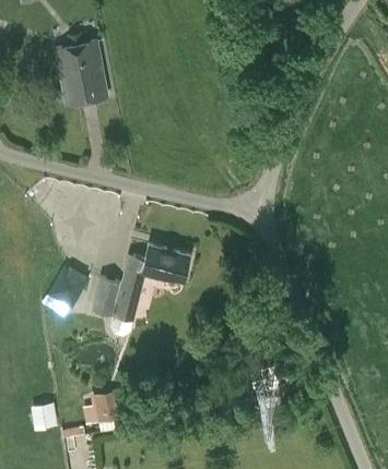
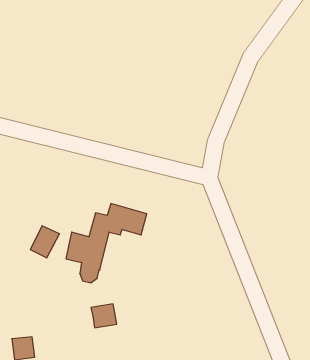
building: [54,43,106,106] -> none
building: [90,392,120,420] -> [91,304,117,328]

